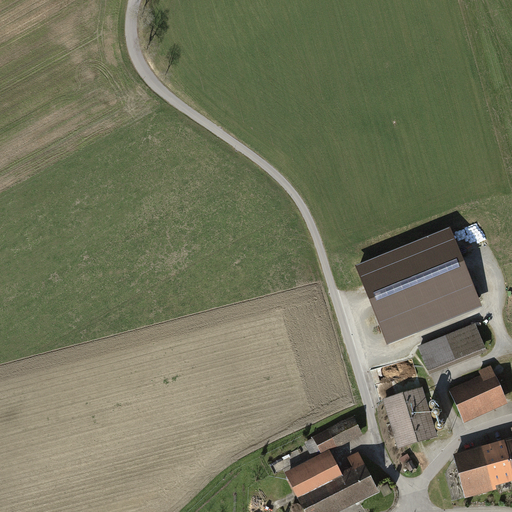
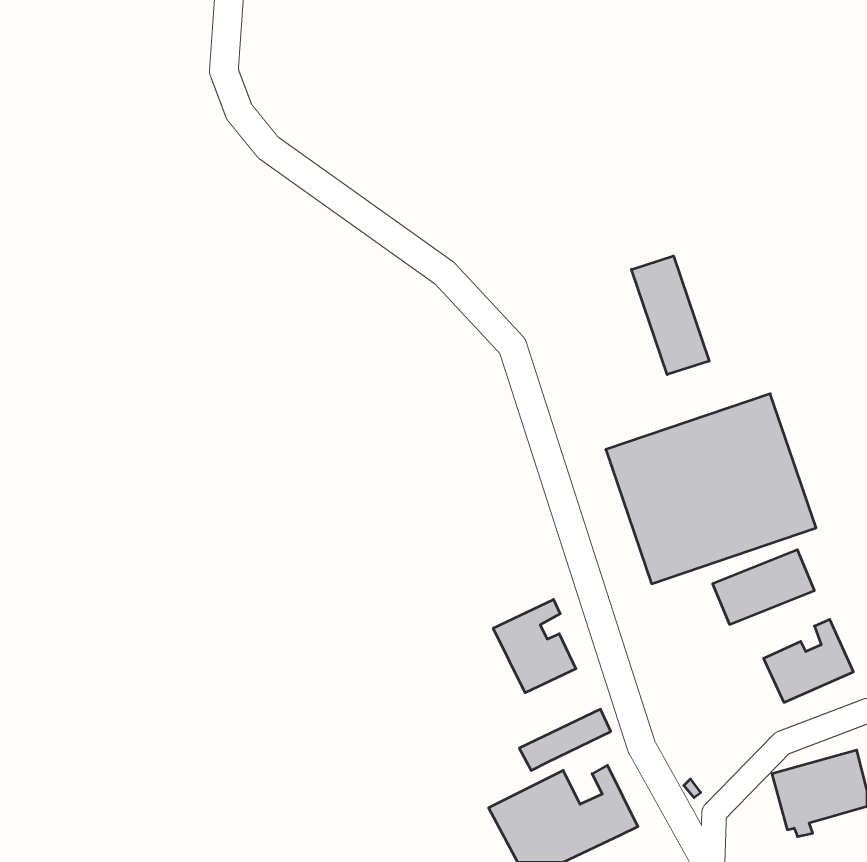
building: none -> [631,256,709,375]
building: none -> [493,599,576,693]
building: [385,387,436,444] -> none

